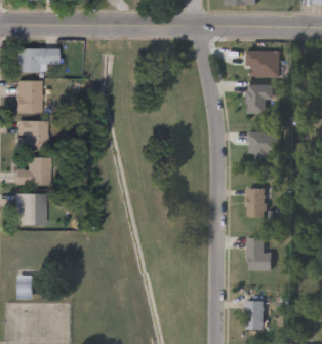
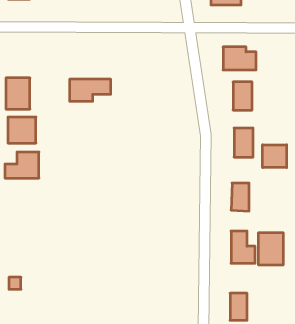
building: [15,48,57,71] -> [70,79,111,101]
building: none -> [263,145,287,168]
building: [15,192,39,224] -> none
building: none -> [259,233,283,265]

